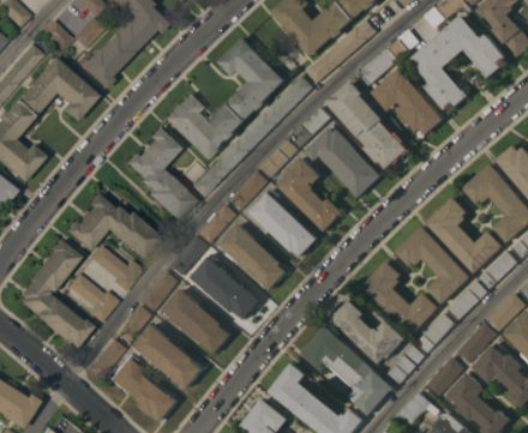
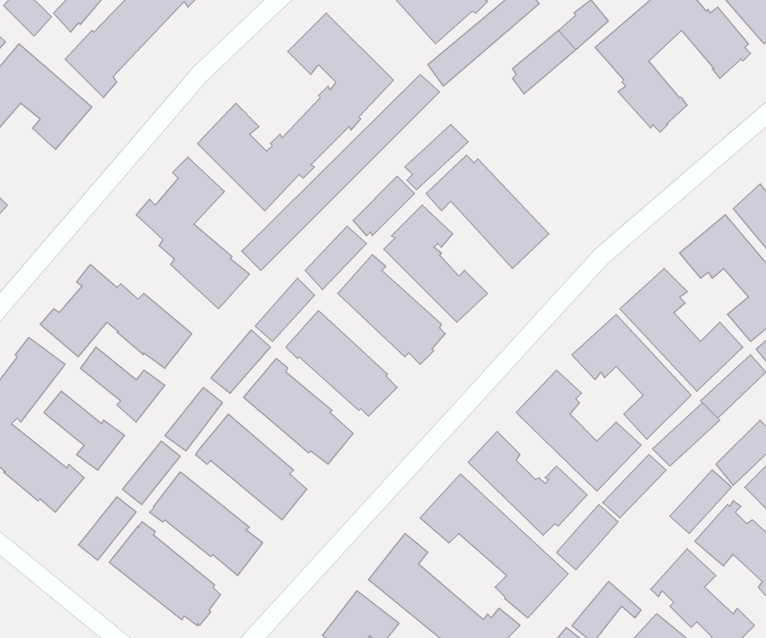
building: [372,67,444,134] -> none
building: [328,79,410,169] -> none
building: [425,356,464,397] -> none

